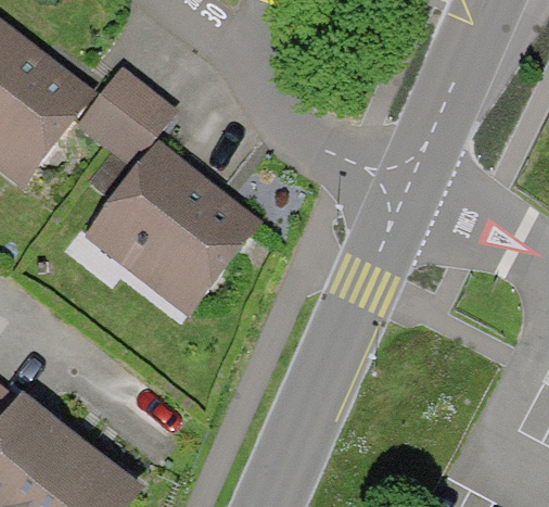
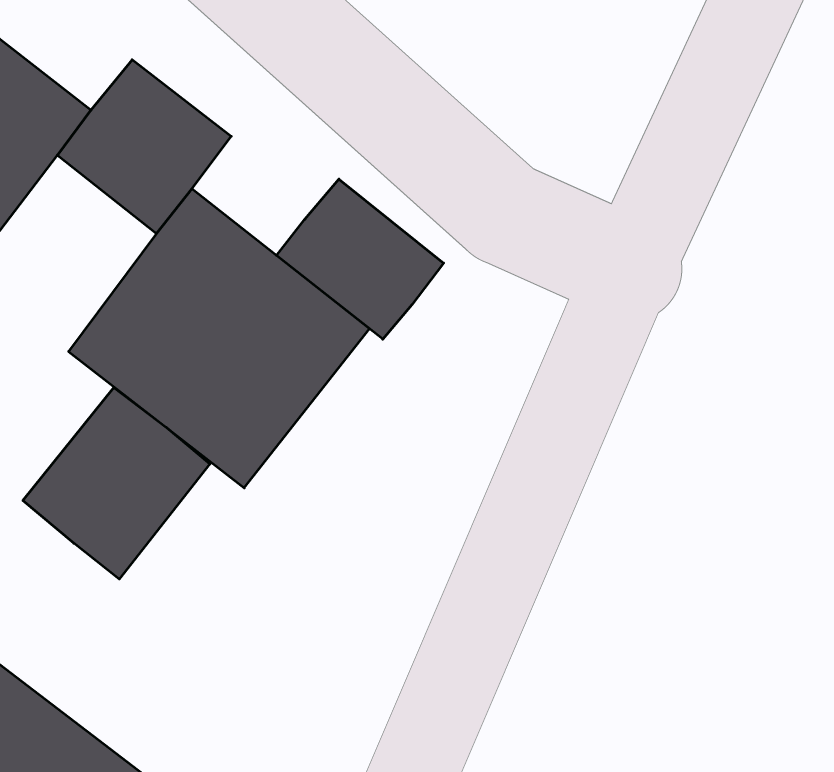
building: none -> [276,179,444,339]
building: none -> [23,387,210,579]

